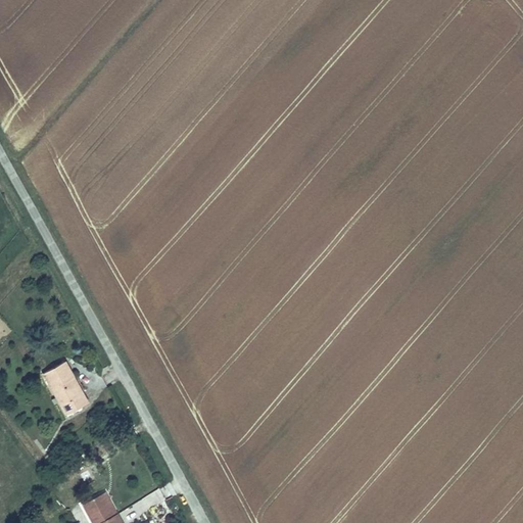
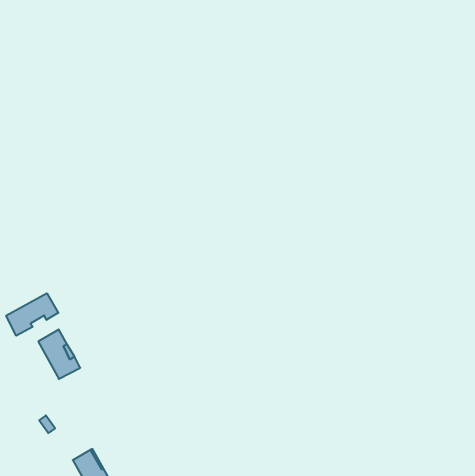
building: none -> [6,293,58,336]

